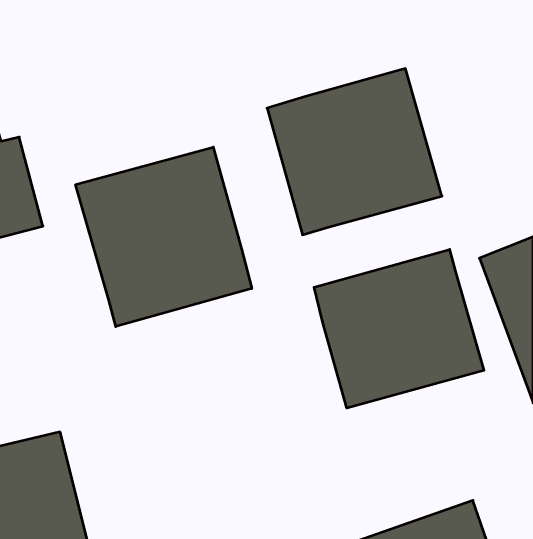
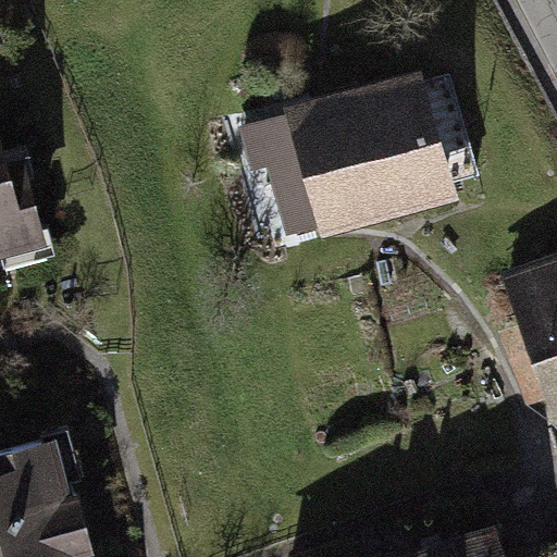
building: [76,147,252,327] -> none
building: [314,249,484,408] -> none

